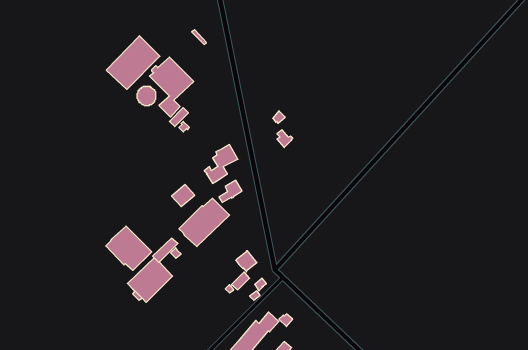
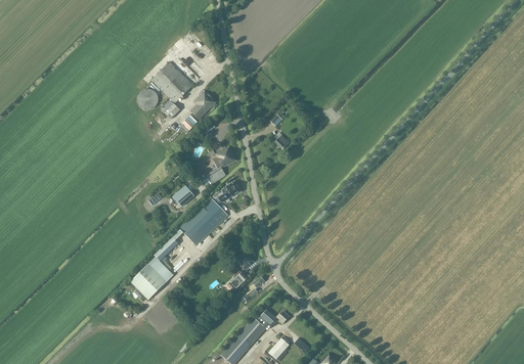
building: [106,36,160,89] -> none
building: none -> [189,90,217,120]
building: [106,226,152,270] -> none

